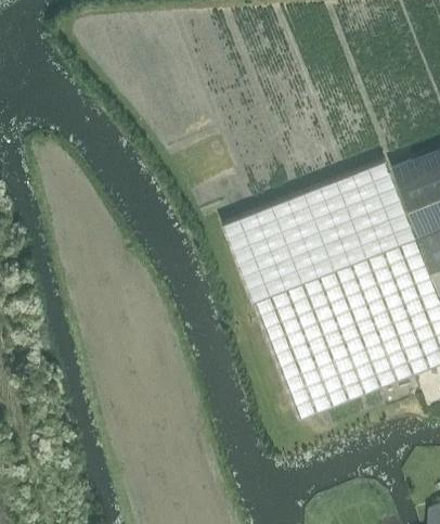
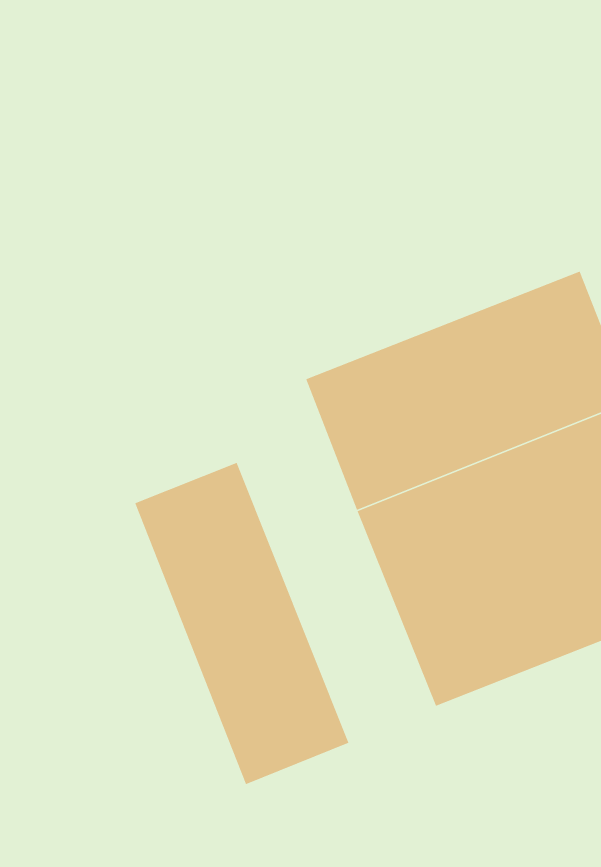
building: none -> [134,462,350,785]

